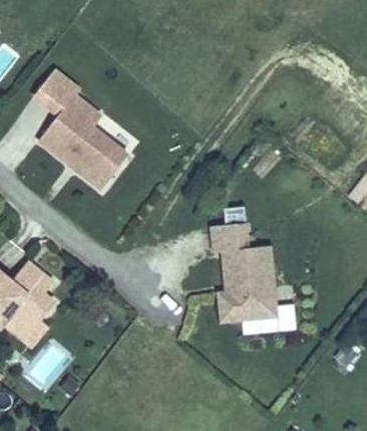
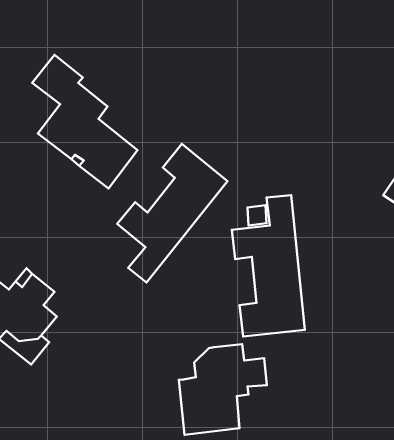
building: none -> [117,144,228,282]
building: none -> [179,344,267,435]

